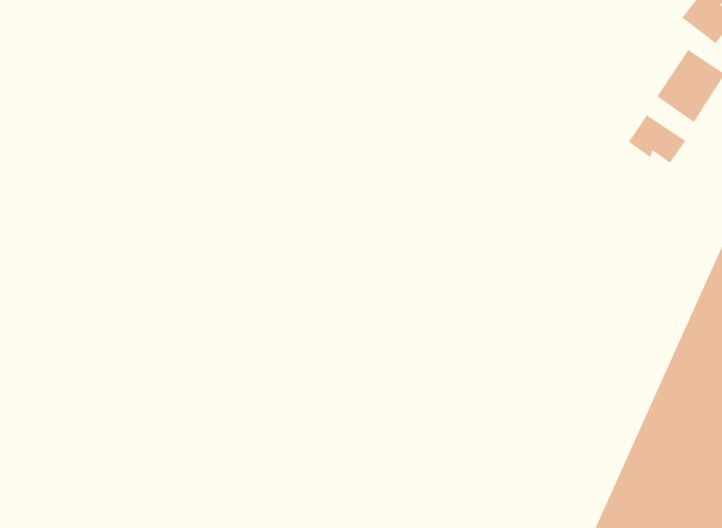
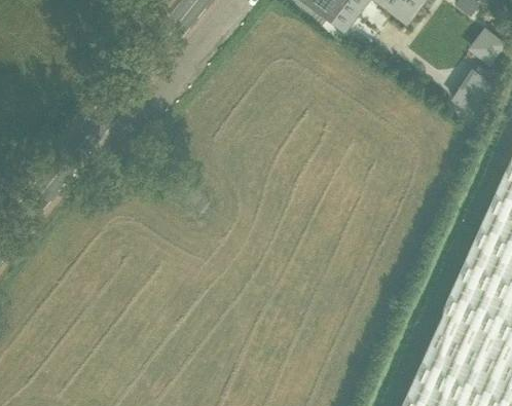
building: [628,115,686,163] -> none

